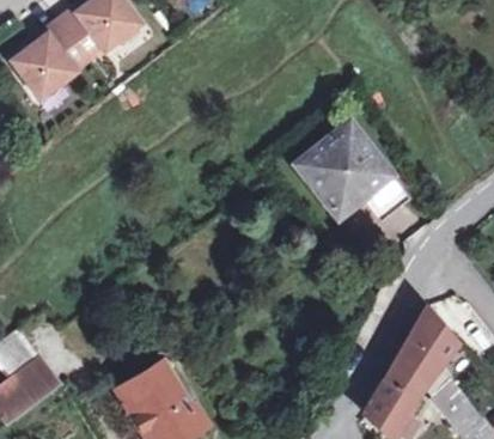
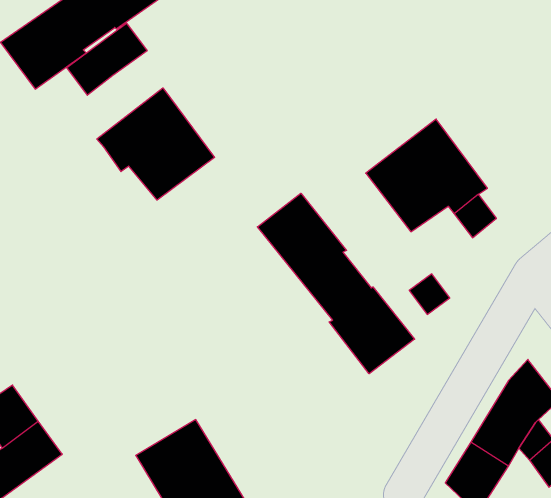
building: none -> [67,23,147,95]
building: none -> [97,88,215,200]
building: none -> [257,193,415,374]

